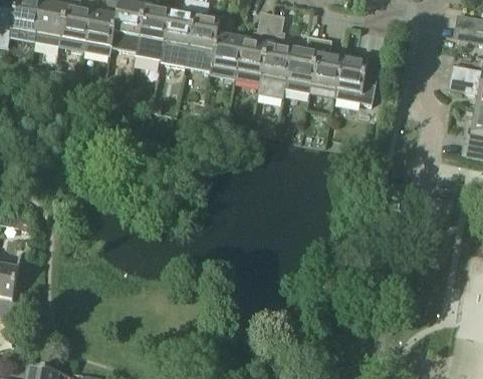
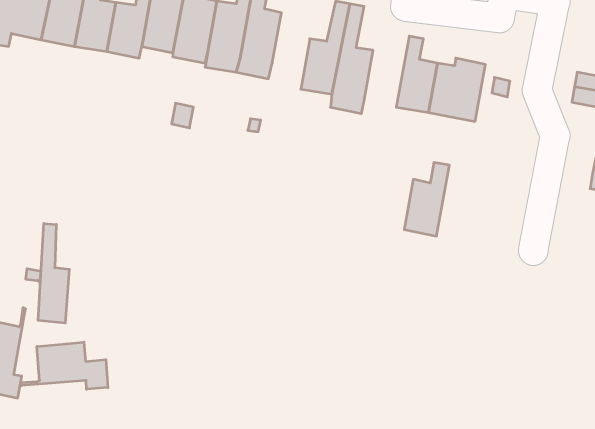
building: [210,19,242,78] -> none
building: [284,35,319,92] -> [404,162,449,236]
building: none -> [38,223,69,323]
building: none -> [21,342,108,389]

